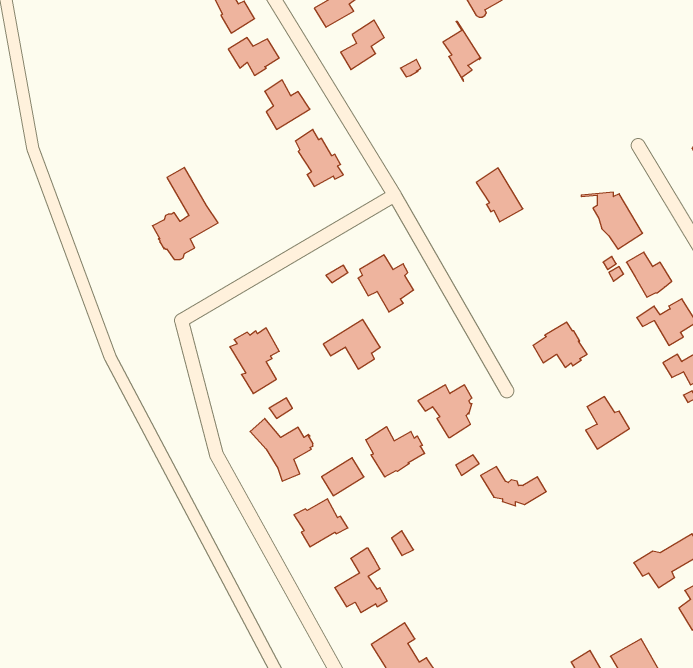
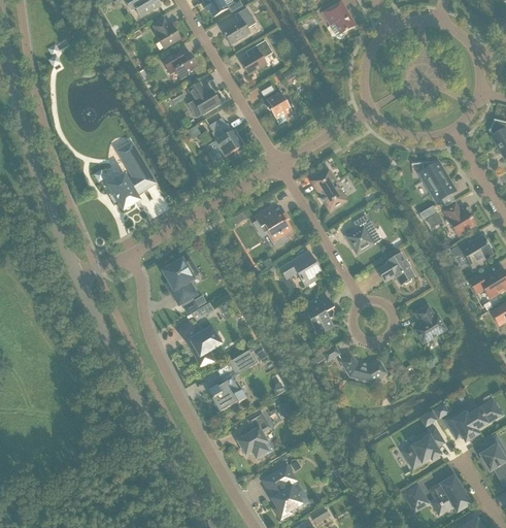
building: [443,22,481,81] -> [266,84,293,126]
building: [476,168,523,222] -> [312,170,345,208]
building: none -> [345,213,374,253]
building: [323,319,380,369] -> [280,250,321,285]
building: [366,427,425,477] -> none
building: none -> [407,426,442,464]

